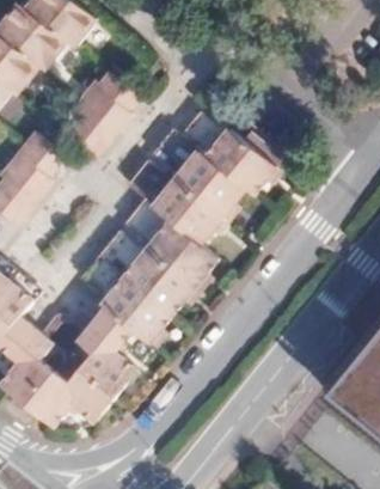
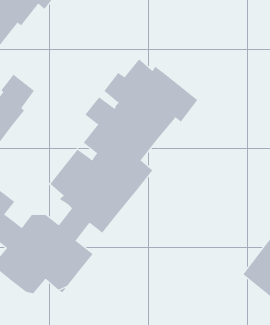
building: [65,74,136,159] -> none

